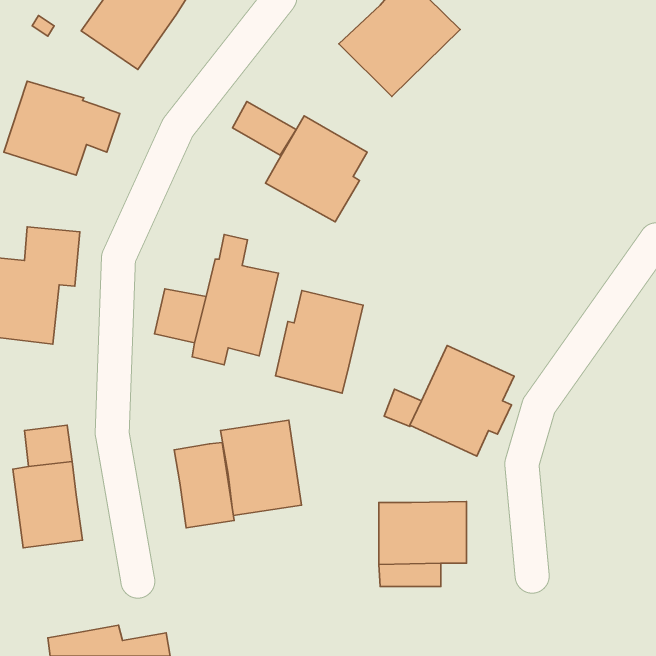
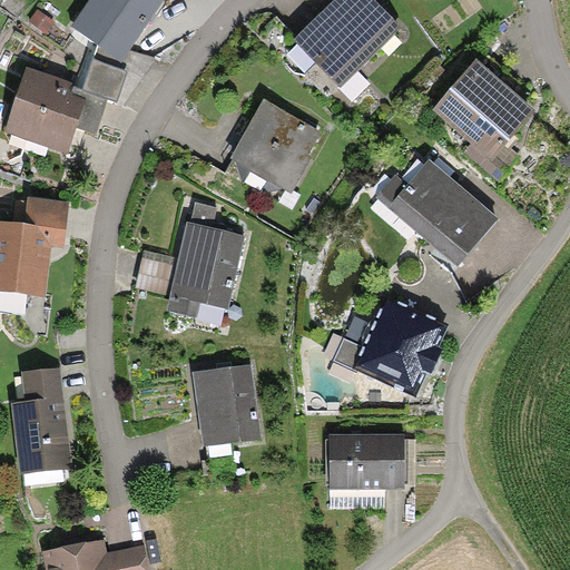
building: none -> [81,59,126,101]
building: none -> [433,62,532,179]
building: [233,101,296,155] -> none
building: none -> [373,158,497,266]
building: [275,291,363,393] -> none
building: [174,442,234,528] -> none

